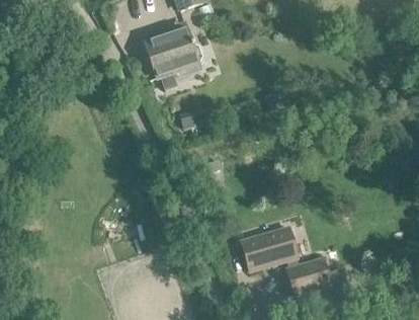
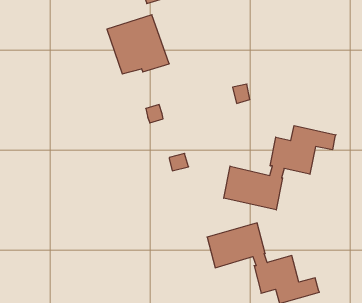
building: none -> [224,126,336,210]

